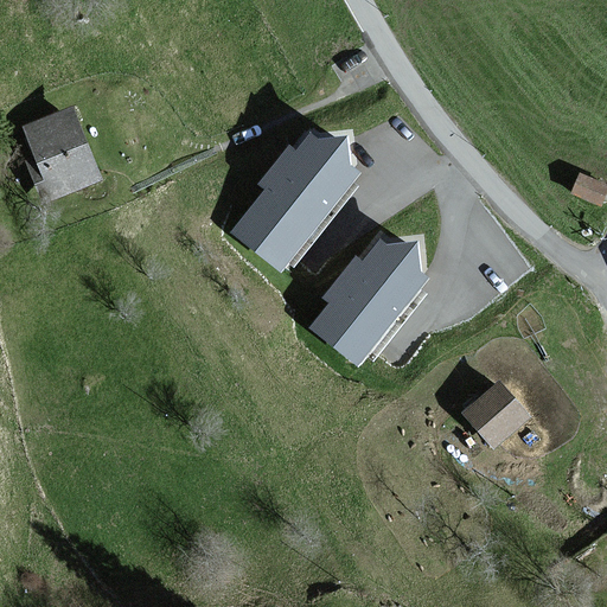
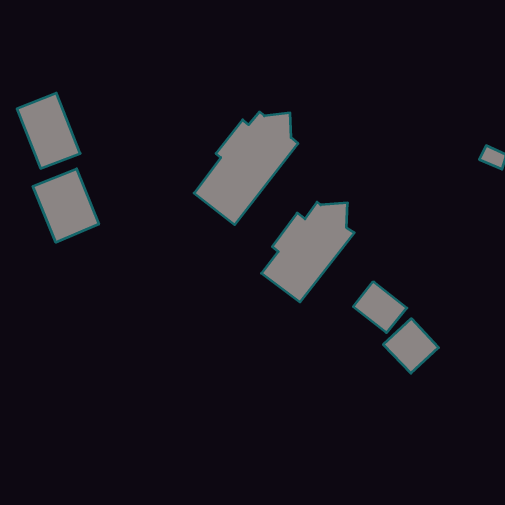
building: none -> [33,169,99,242]
building: none -> [353,282,407,333]

